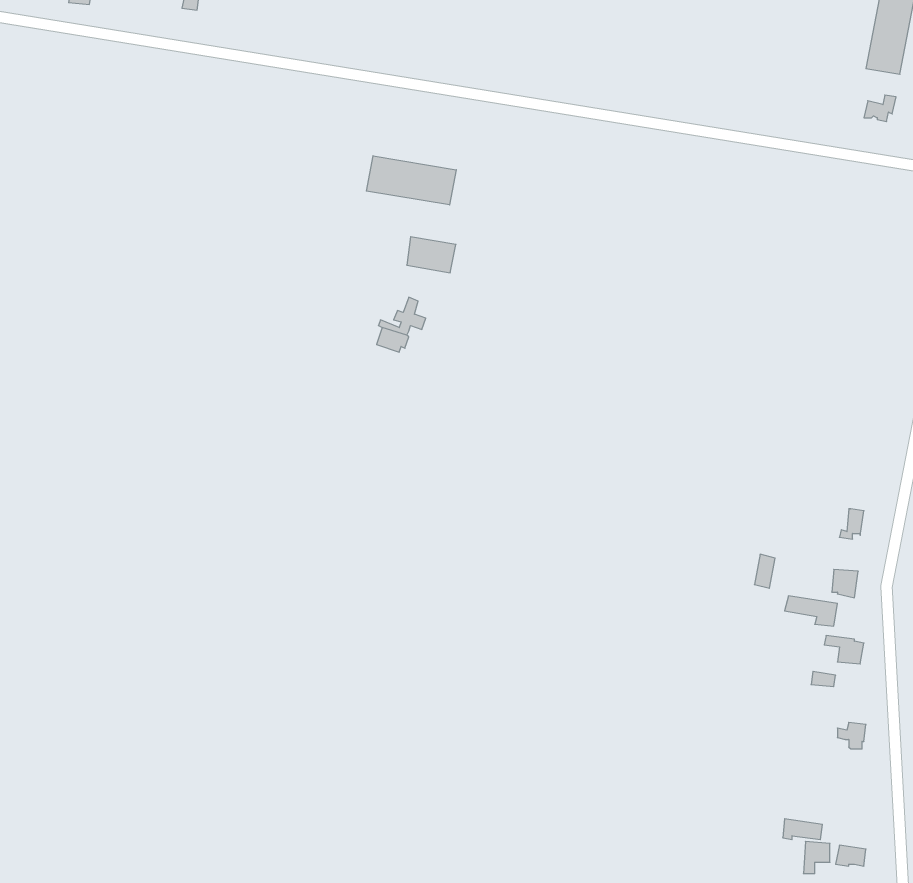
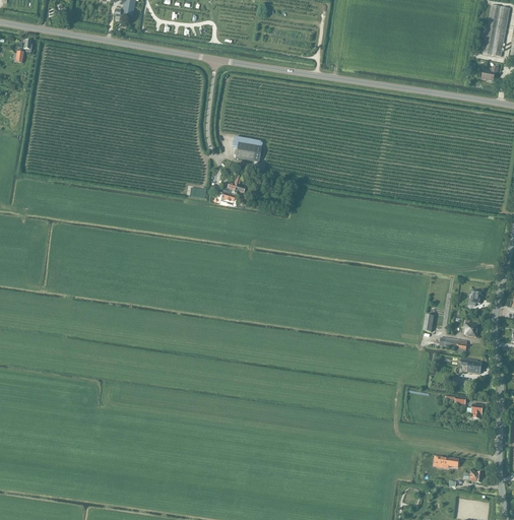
building: [366,156,456,205] -> none

